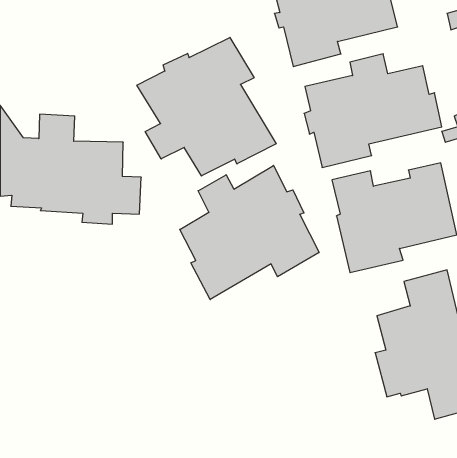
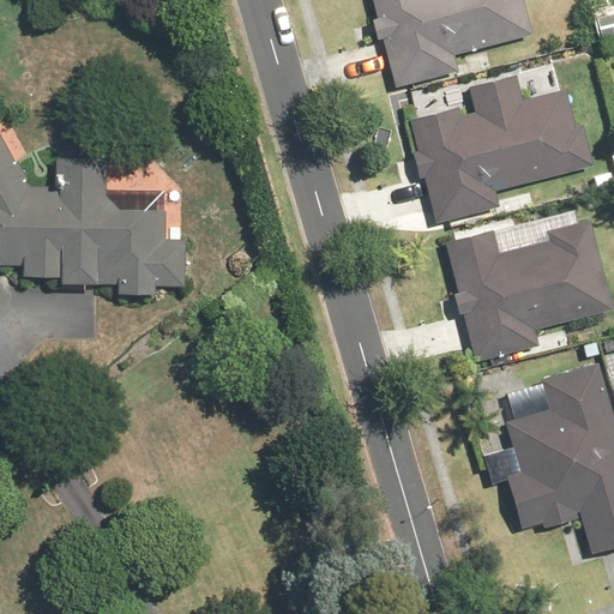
building: [137,37,276,176] -> none
building: [180,165,319,300] -> none

